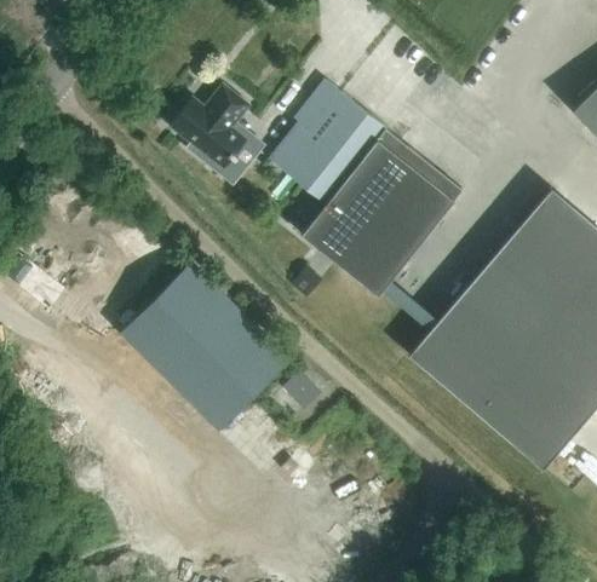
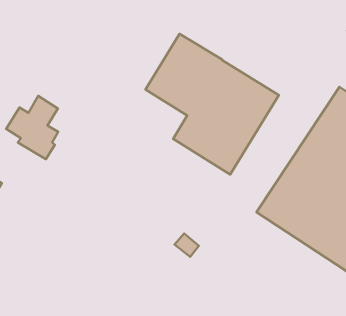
building: [171,85,249,178] -> [6,96,58,159]
building: [122,265,291,432] -> none

